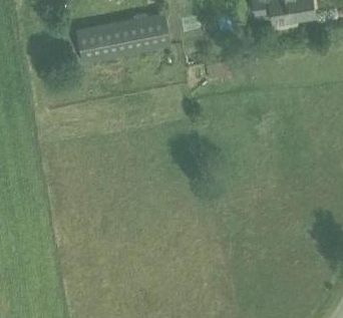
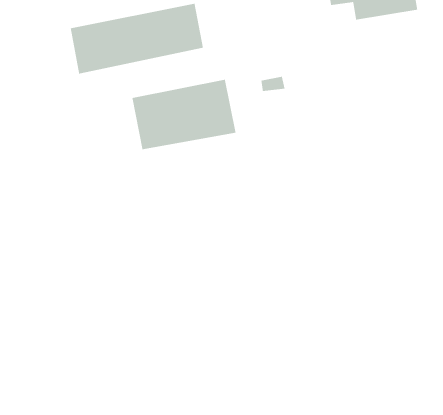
building: none -> [131,79,237,150]

